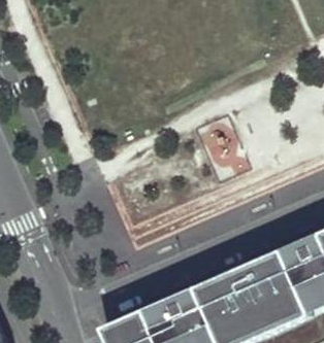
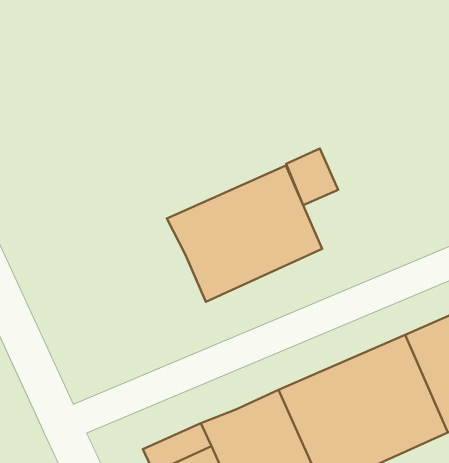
building: none -> [167,165,322,302]

